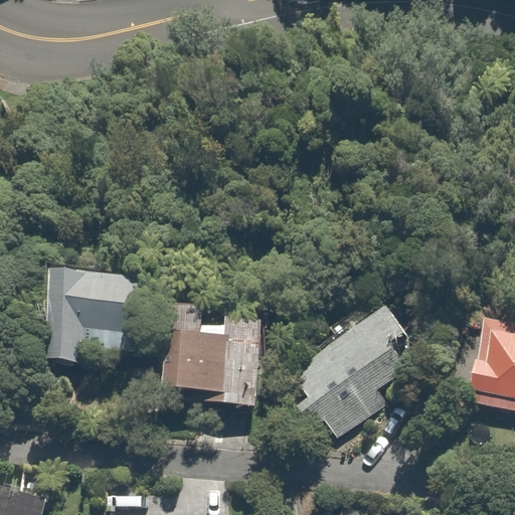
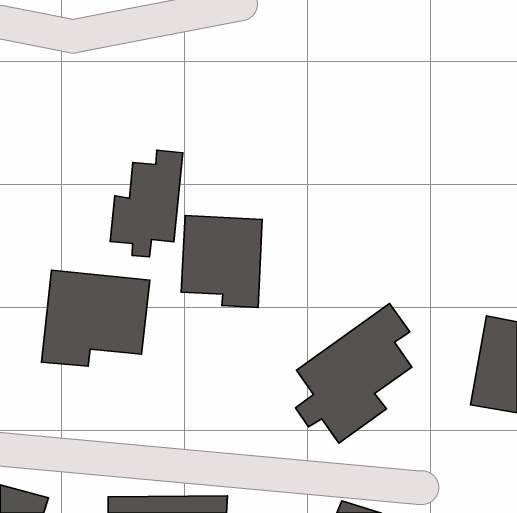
building: none -> [110,150,183,257]
building: [178,313,259,404] -> [181,215,262,307]

